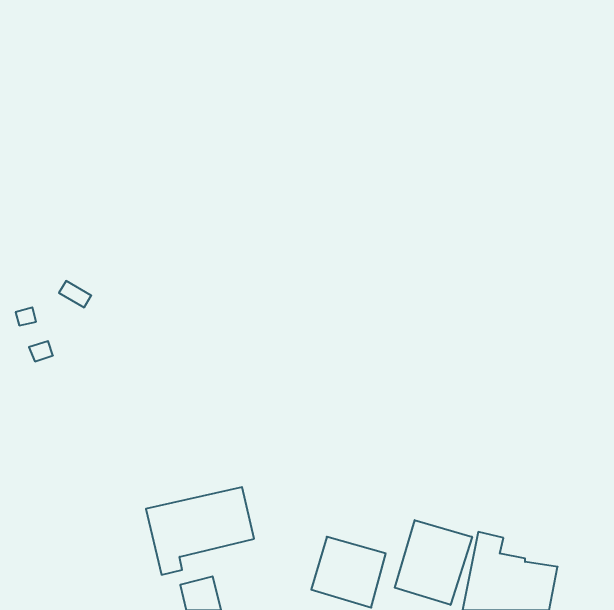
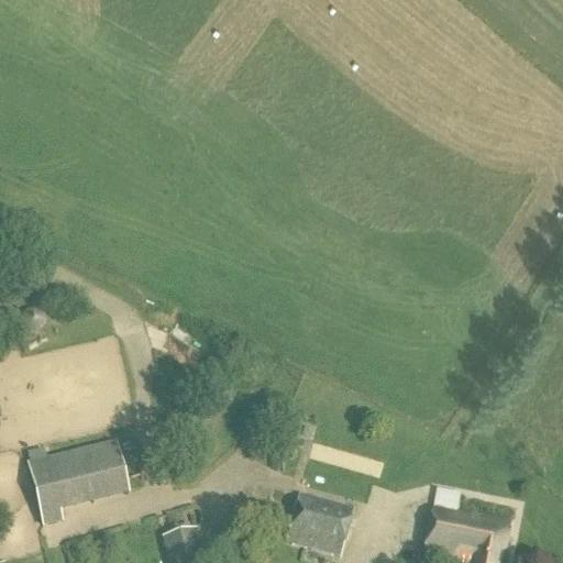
building: [146,487,254,575] -> [30,441,129,521]
building: [395,520,472,605] -> none

